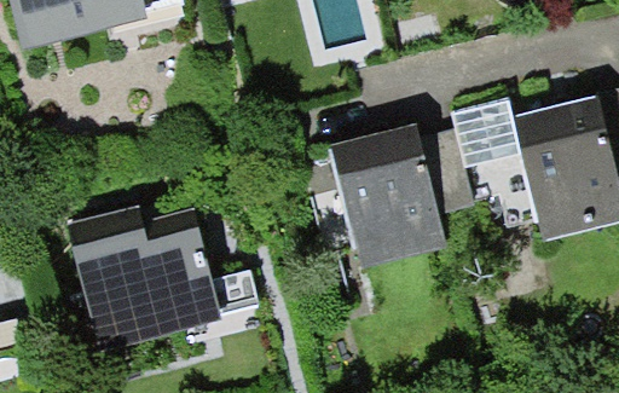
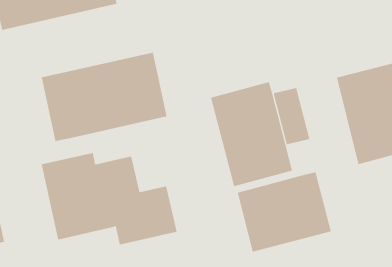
building: none -> [41,52,167,142]
building: none -> [237,172,331,253]

